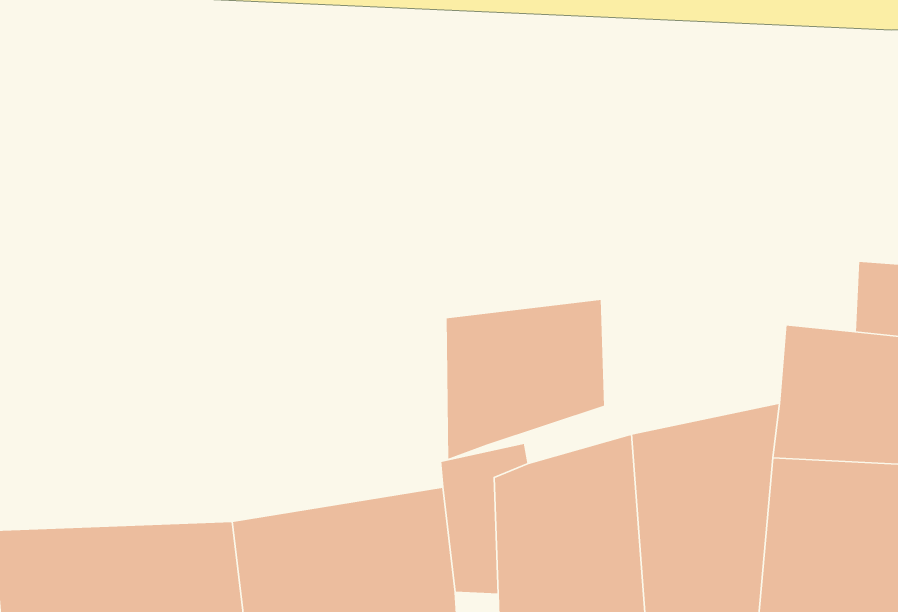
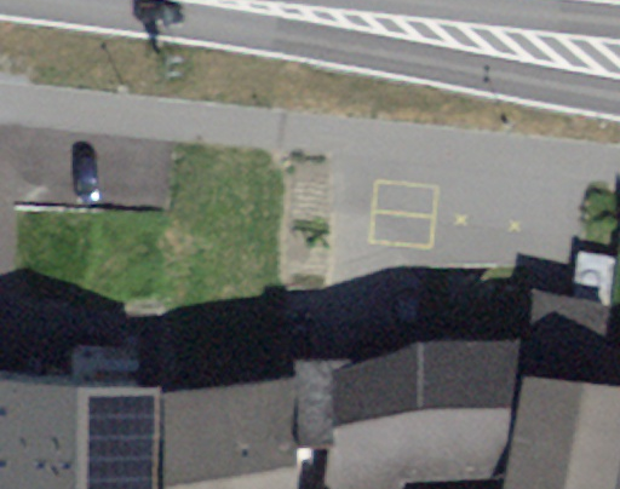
building: [446,299,605,460] -> none

